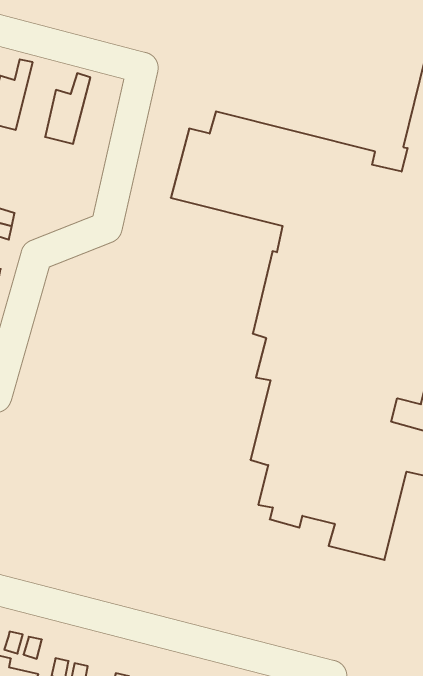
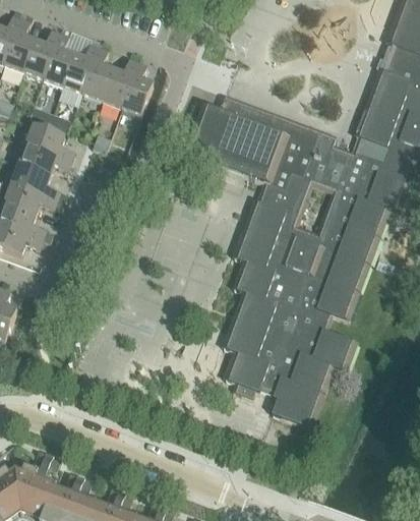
building: none -> [82,47,114,101]
building: none -> [122,62,154,115]

